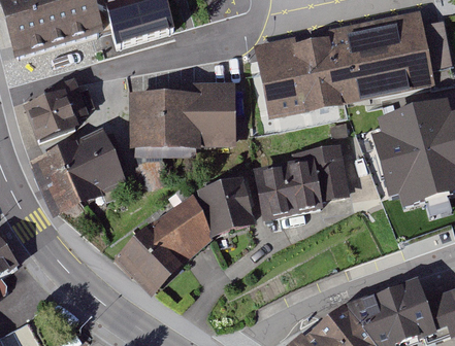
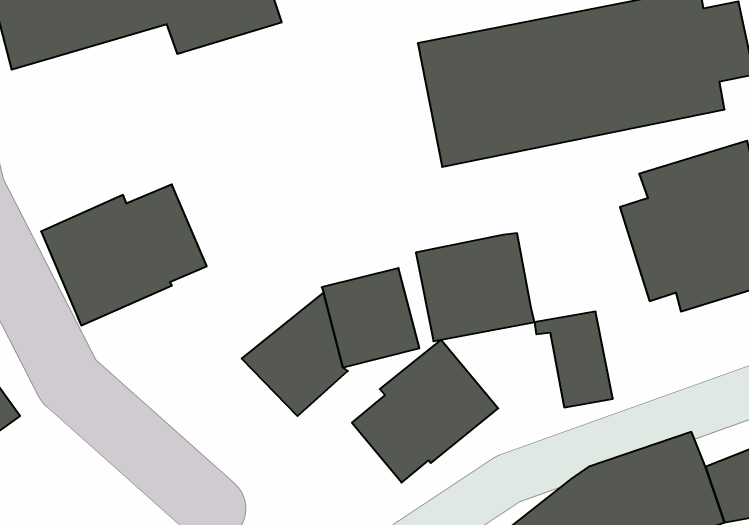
building: [23,78,88,142] -> none
building: [129,83,235,149] -> none
building: [303,144,350,201] -> [535,312,613,407]
building: none -> [352,340,498,483]
building: [115,228,183,296] -> none

